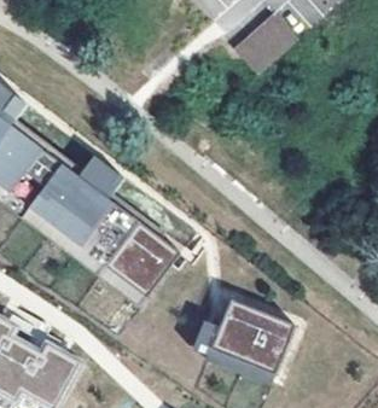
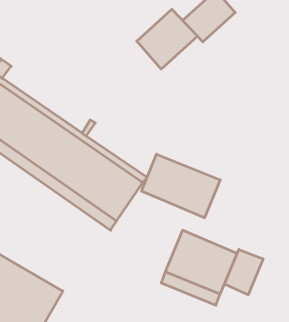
building: none -> [137,9,197,69]
building: none -> [142,154,220,218]
building: none -> [225,249,263,295]

